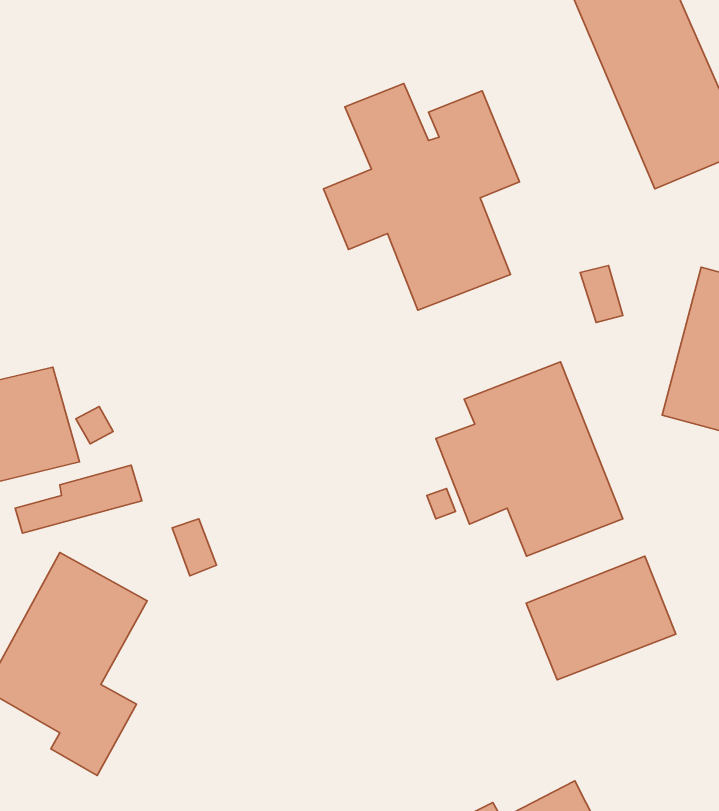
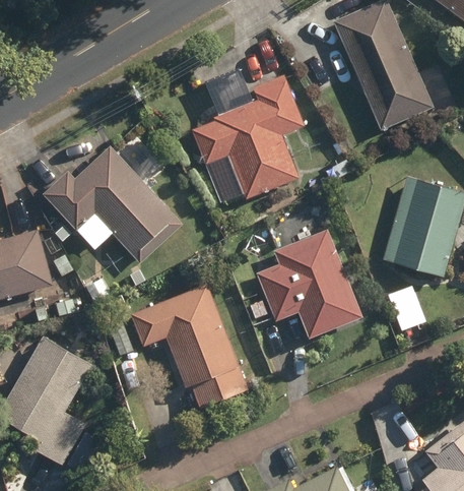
building: none -> [42,146,183,264]
building: none -> [130,284,248,410]
building: [526,556,676,680] -> none

